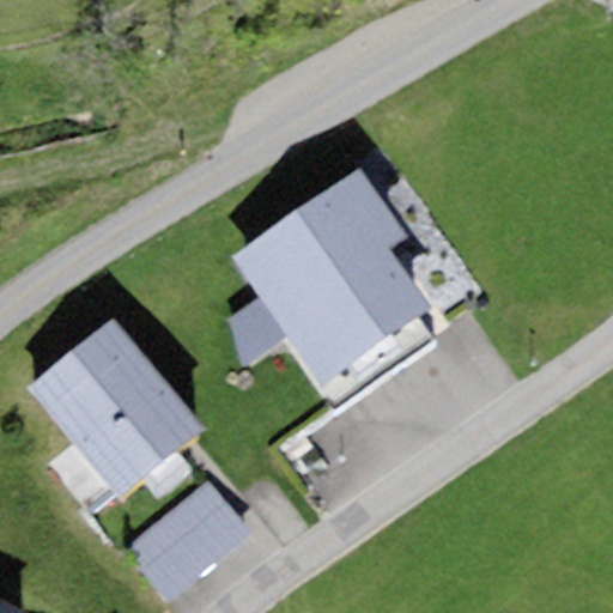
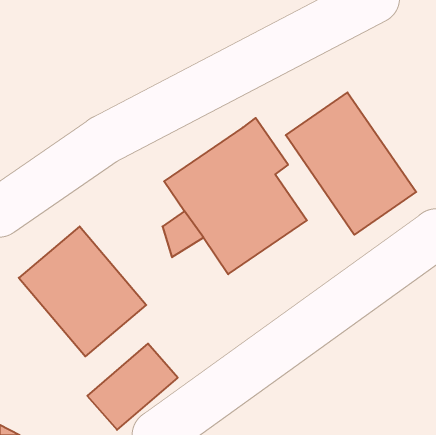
building: none -> [286,92,416,235]

